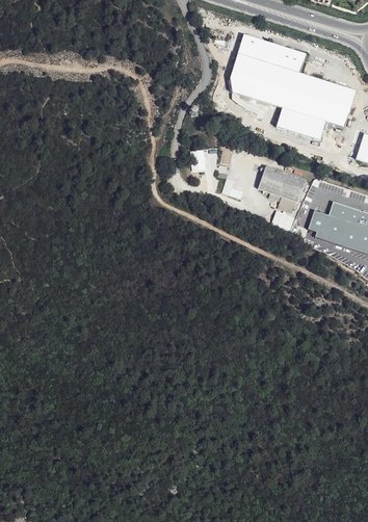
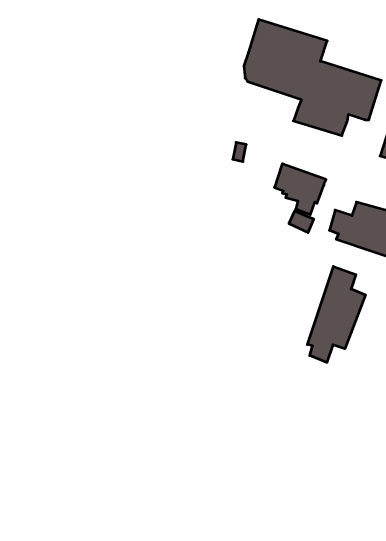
building: none -> [307,266,365,362]

